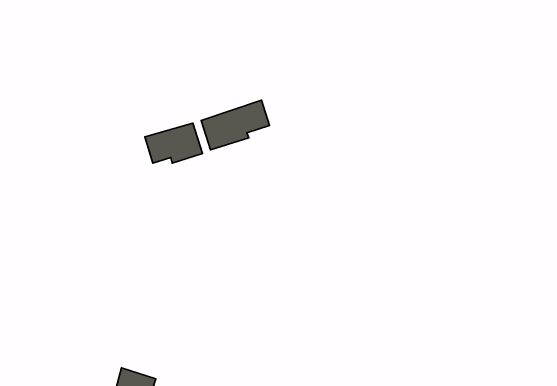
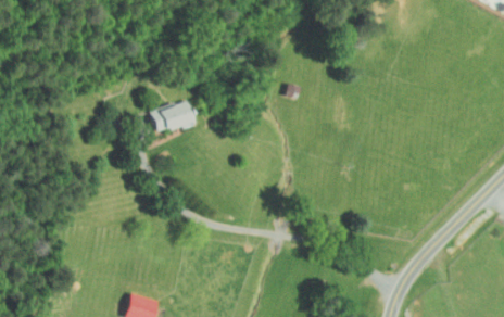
building: [201,100,269,150] -> none

